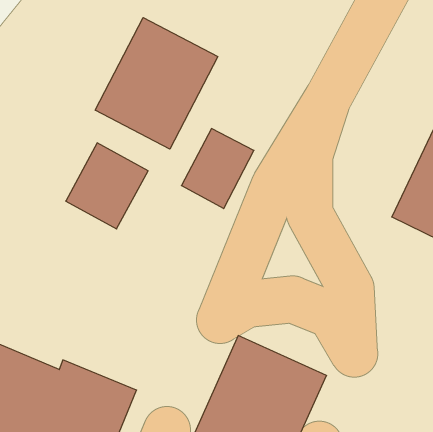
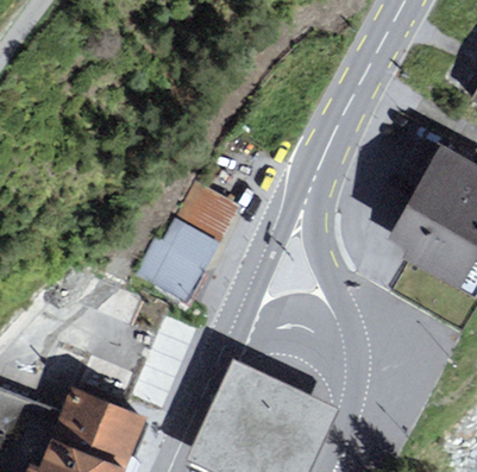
building: [95,18,218,149] -> none
building: [66,143,148,229] -> [142,222,222,307]

